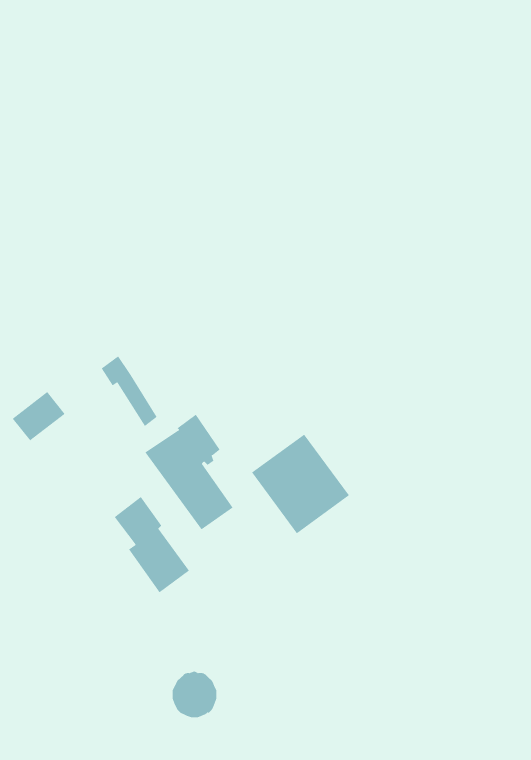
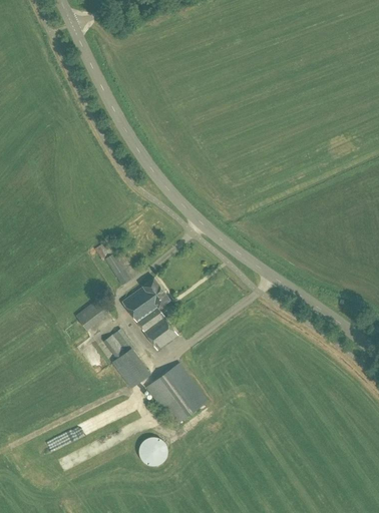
building: [12,391,65,441] -> [76,298,109,329]
building: [251,434,350,534] -> [146,363,208,425]

